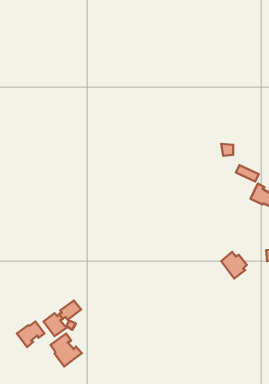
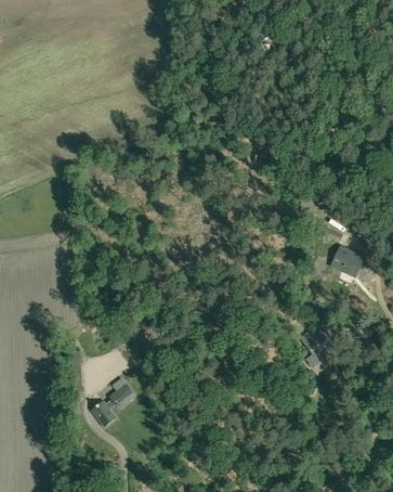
building: [17,321,45,347] -> none
building: [51,333,82,366] -> none

